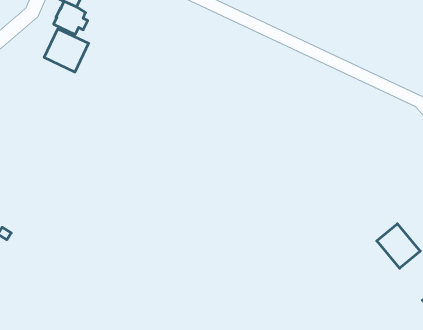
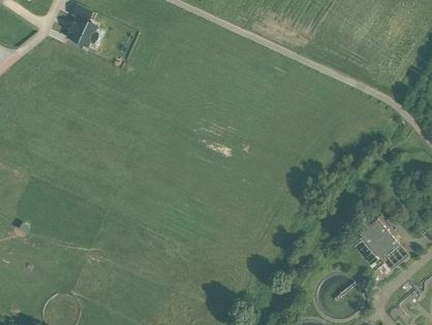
building: [44,29,89,72] -> none

